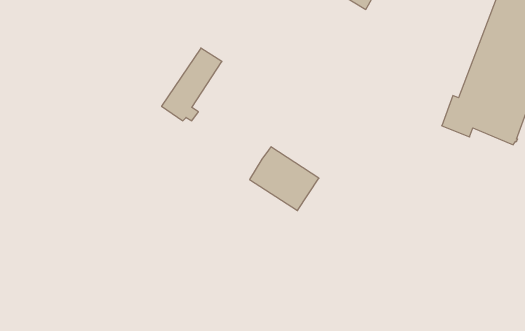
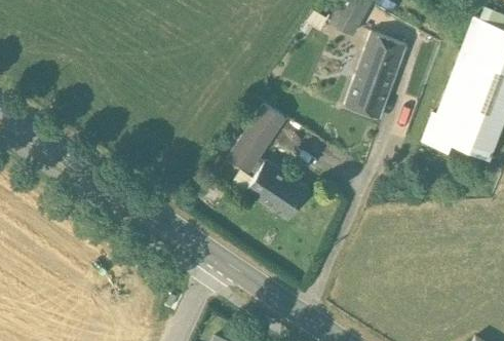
building: none -> [343,32,406,118]
building: [162,48,222,121] -> [229,106,284,173]

